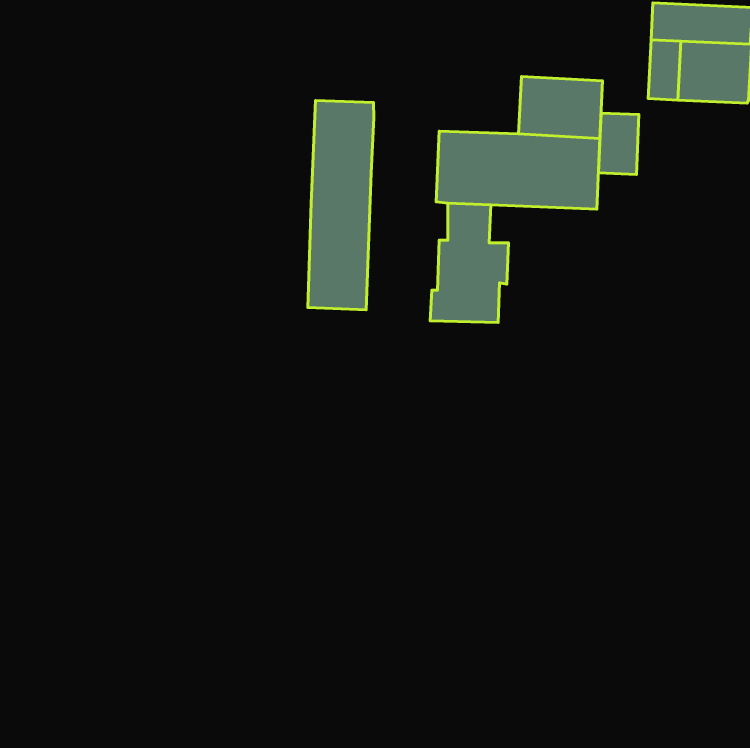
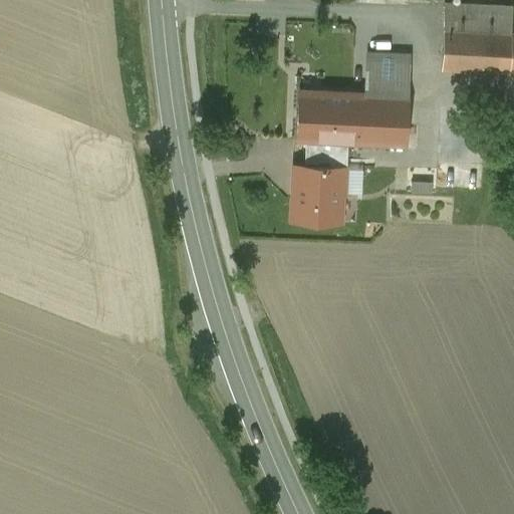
building: [308,100,374,310] -> none
building: [599,113,639,174] -> none

